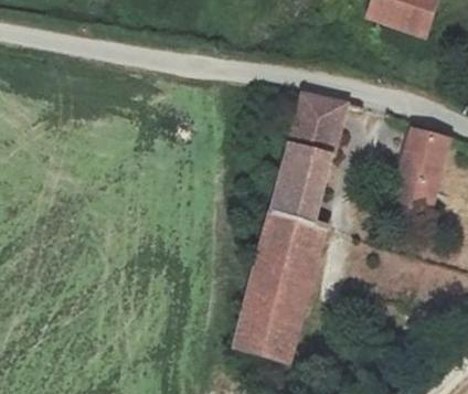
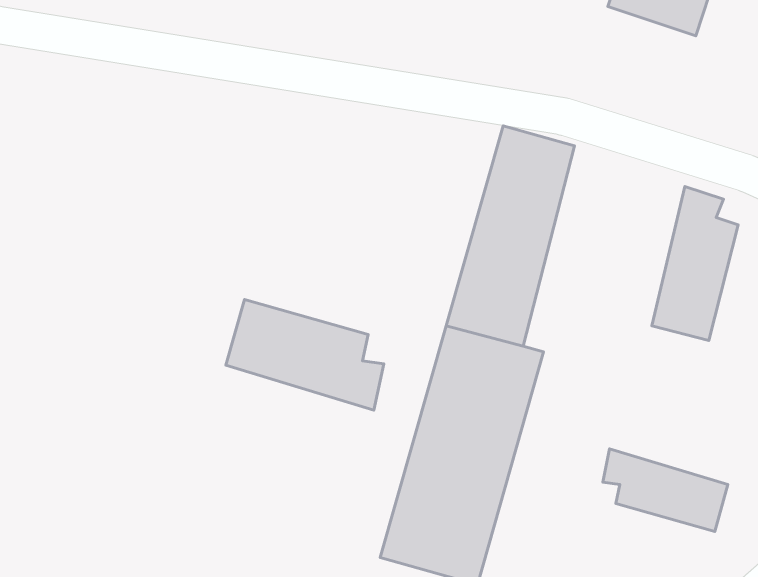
building: none -> [226,299,384,410]
building: none -> [603,449,728,531]

